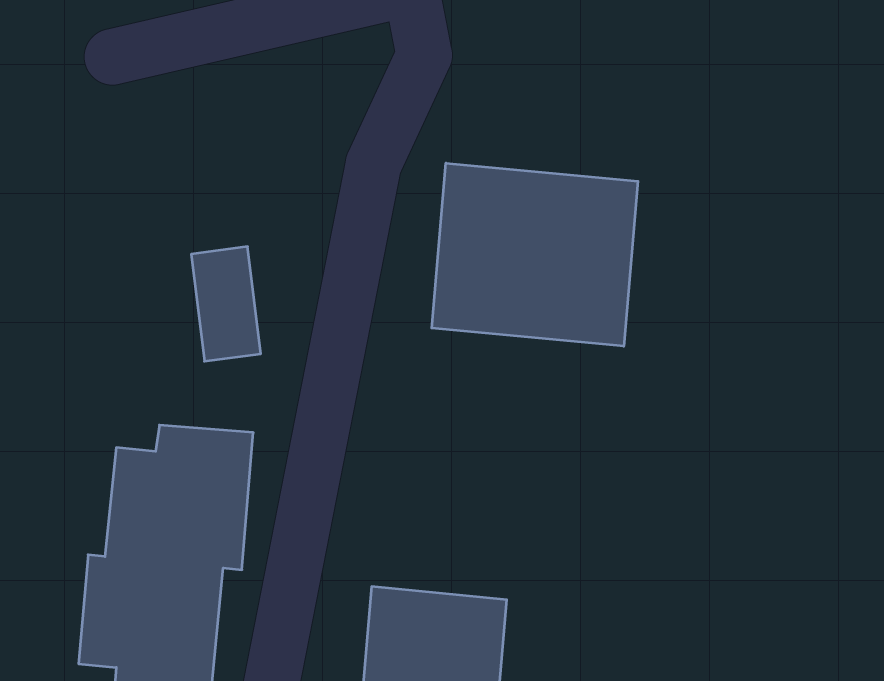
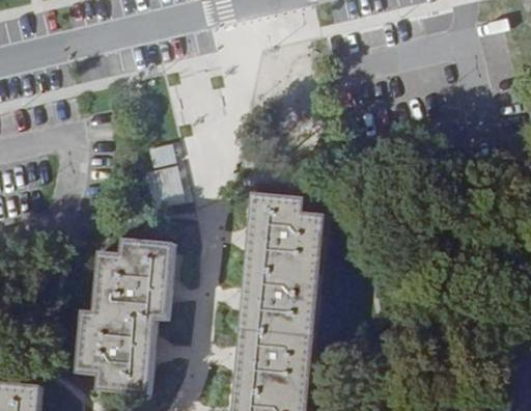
building: [432,163,638,346] -> none
building: none -> [239,194,325,336]

